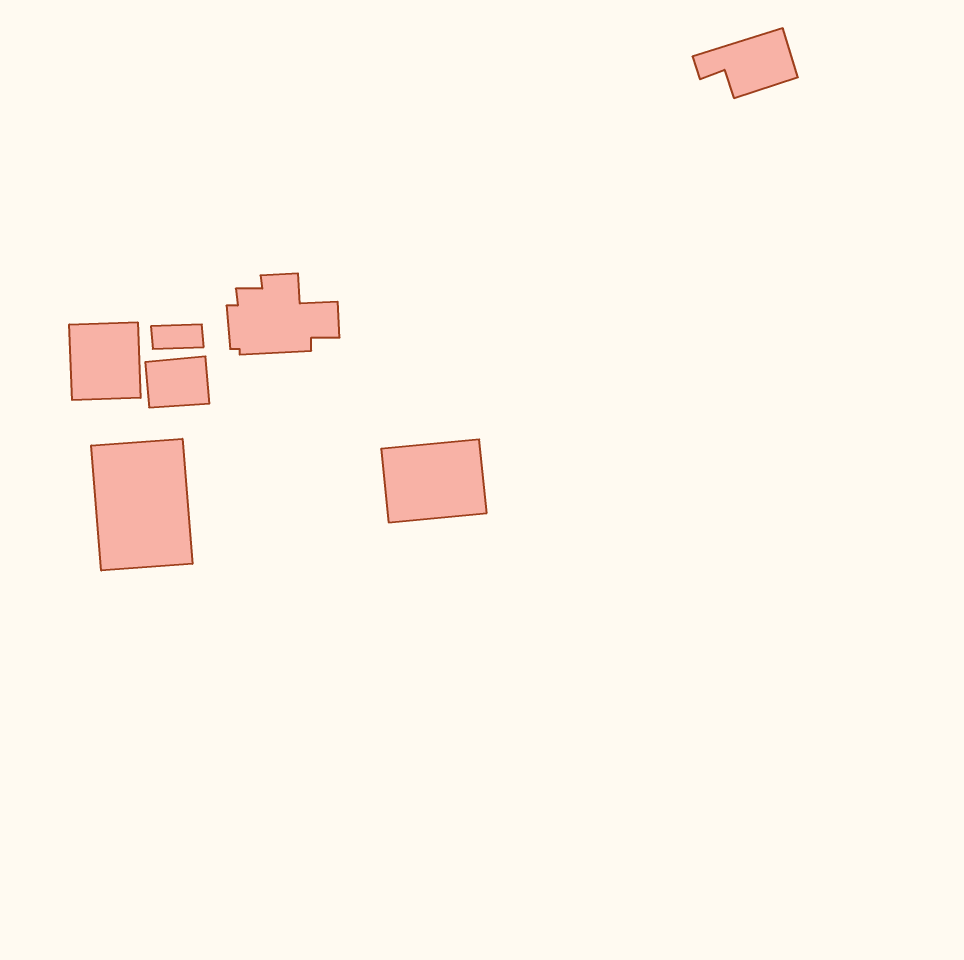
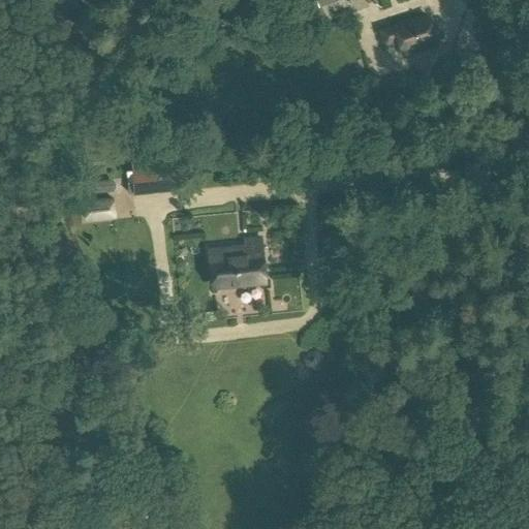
building: [69,322,141,400] -> none
building: [91,439,192,571] -> none

